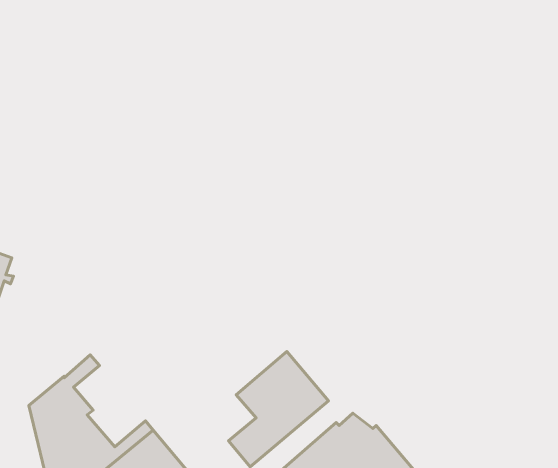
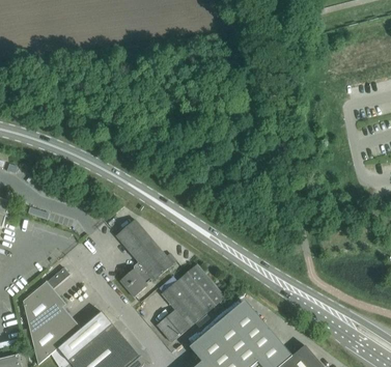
building: none -> [116,221,176,298]

